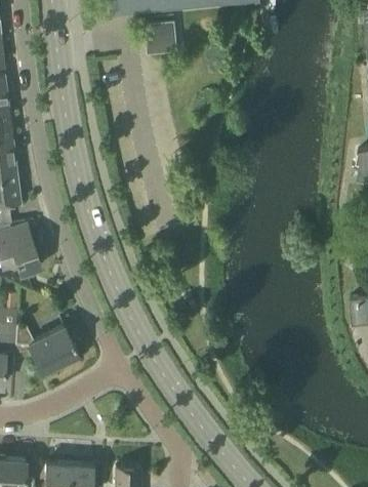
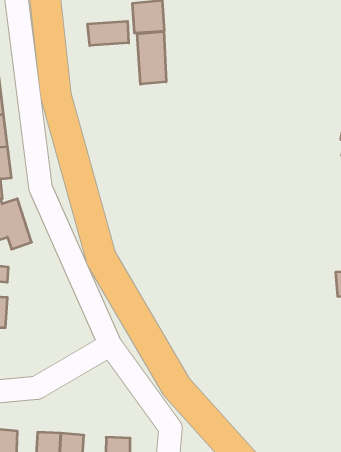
building: none -> [88,21,129,46]
building: none -> [137,31,166,84]
building: [13,326,77,373] -> none

